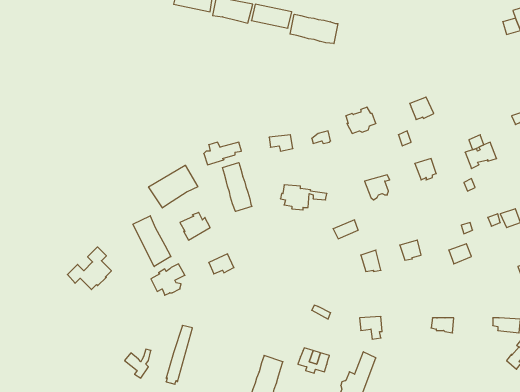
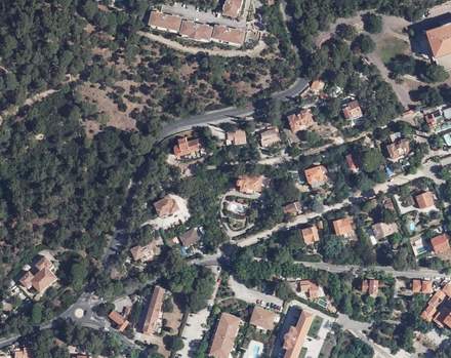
building: [290,14,338,44] -> none
building: [222,163,252,211] -> none
building: [149,165,198,208] -> none
building: [133,216,171,267] -> none
building: [67,247,111,290] -> [20,256,56,291]

